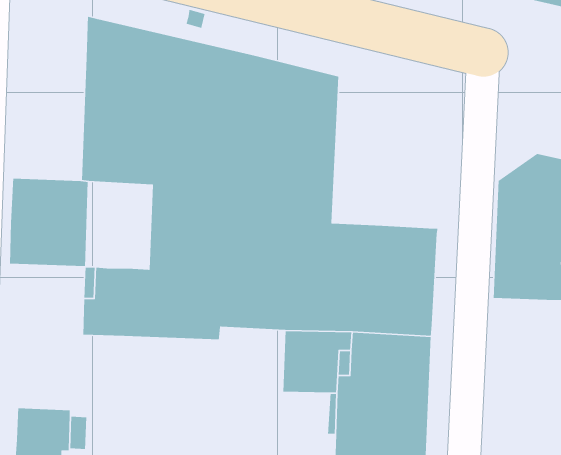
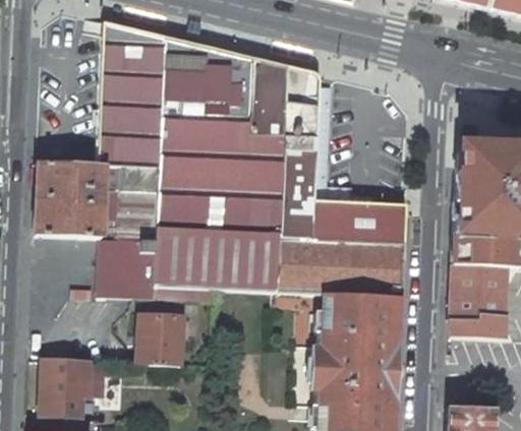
building: none -> [122,165,161,239]
building: none -> [450,264,508,338]
building: none -> [138,314,186,365]

